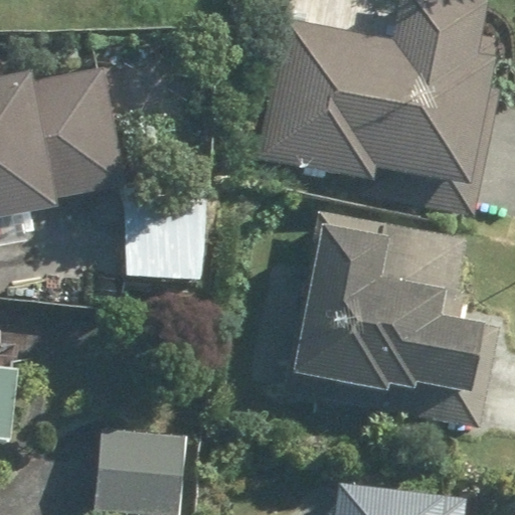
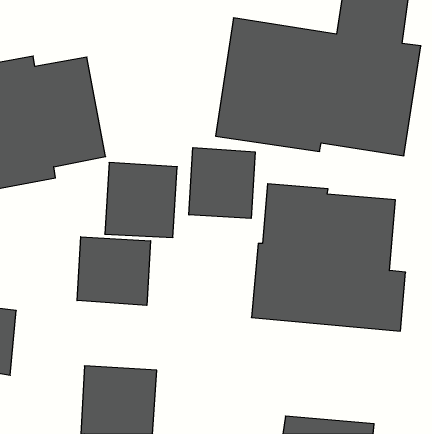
building: none -> [189,148,255,218]
building: none -> [77,237,151,305]

